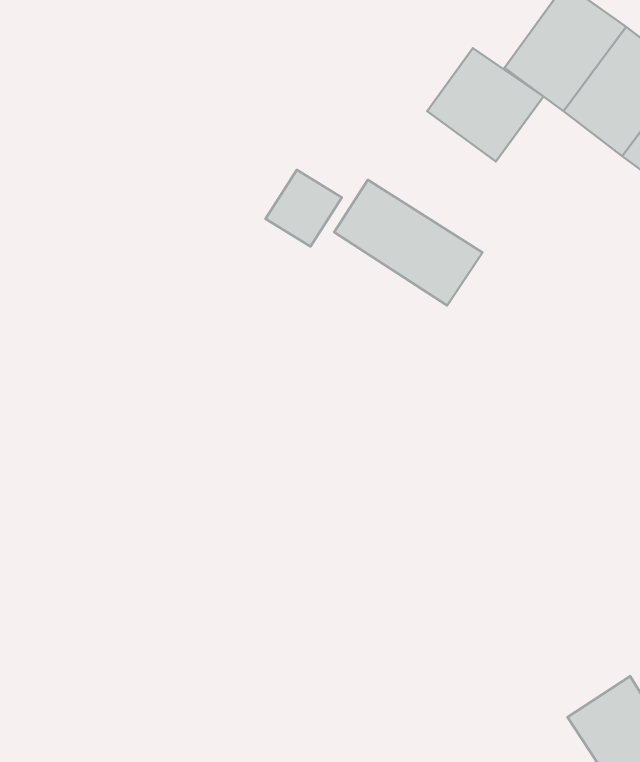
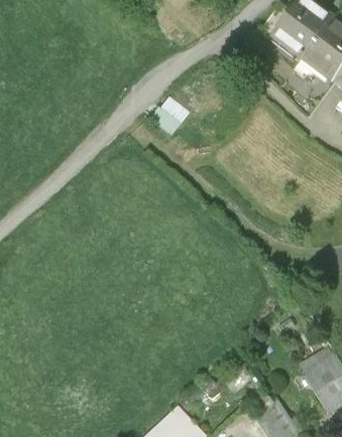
building: [427,48,544,161] -> none
building: [334,180,483,305] -> none

